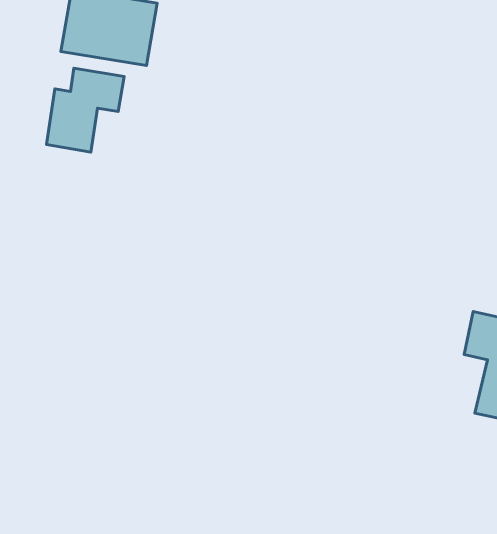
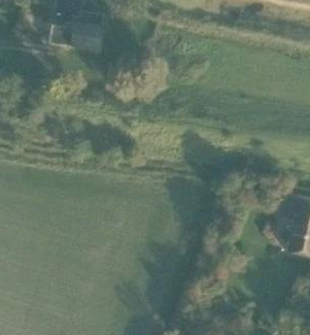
building: [47,68,124,152] -> none

